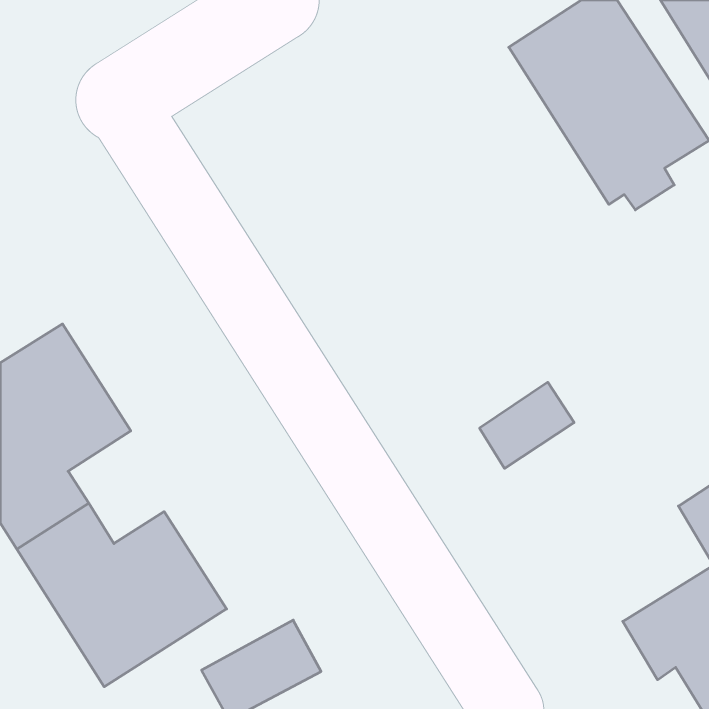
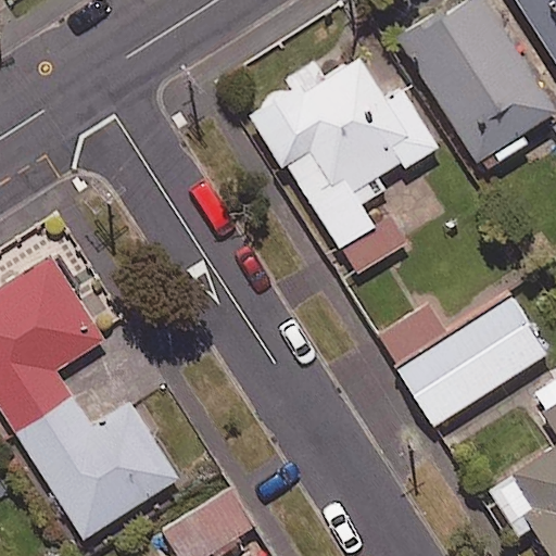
building: none -> [245,56,438,274]
building: none -> [396,298,547,428]

